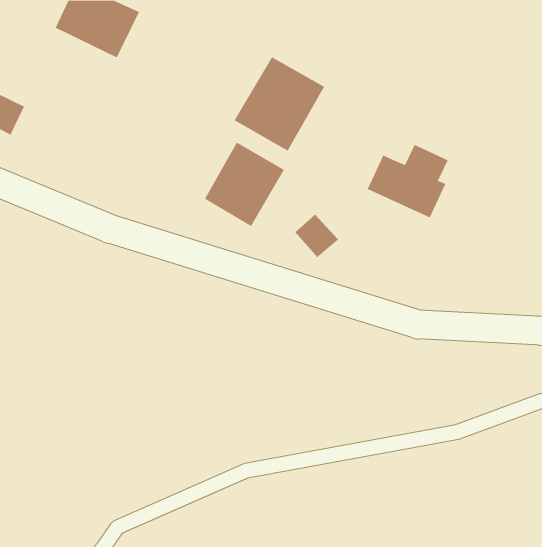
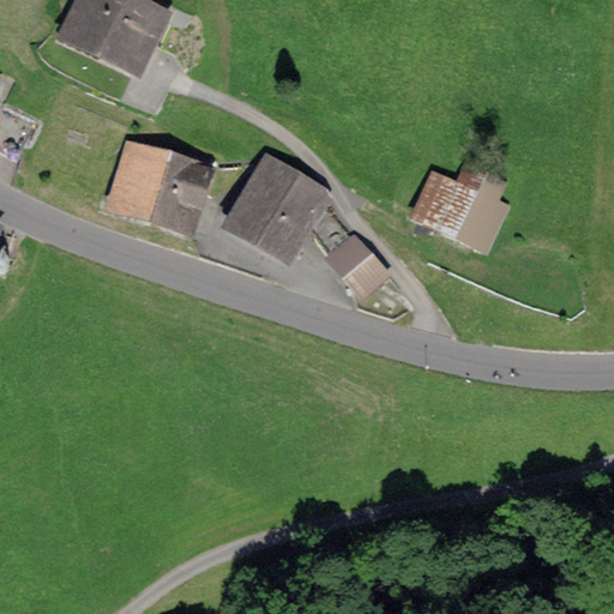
building: [234,57,325,152] -> none
building: none -> [109,146,204,225]

